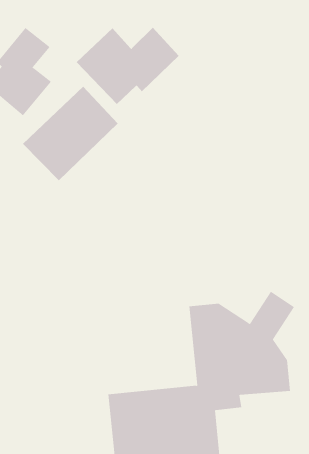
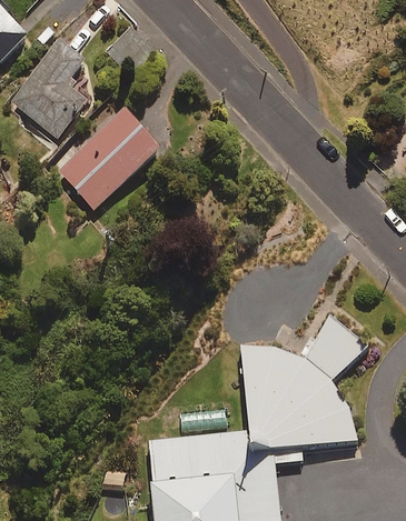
building: [76,27,180,105] -> none

